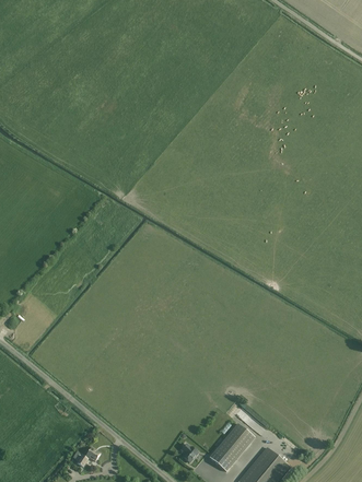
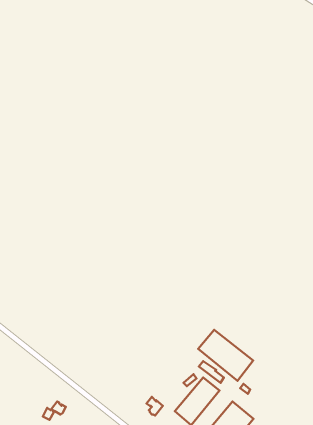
building: none -> [198,330,253,381]

